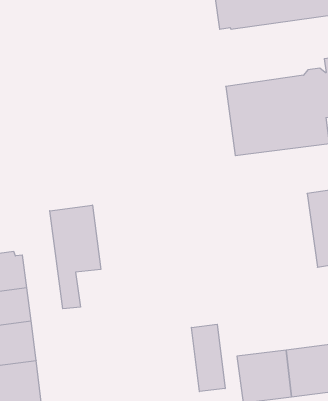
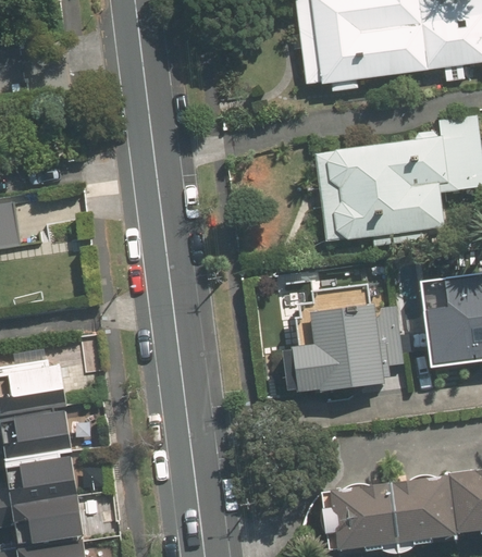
building: none -> [292,302,399,393]
building: [50,205,101,309] -> none
building: [191,324,225,392] -> none

